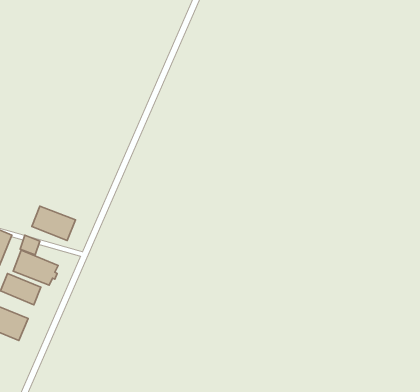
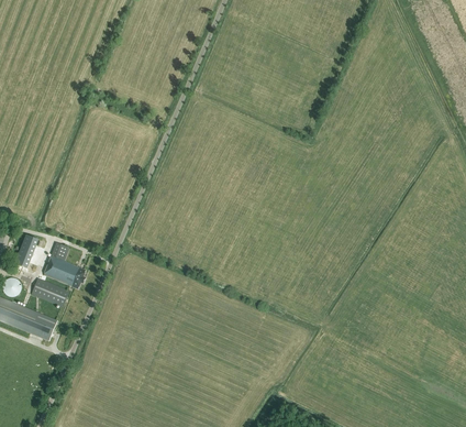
building: [32,206,75,240] -> none

